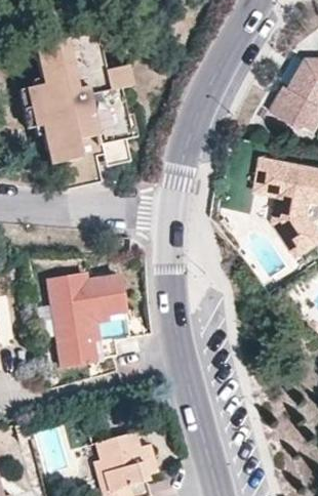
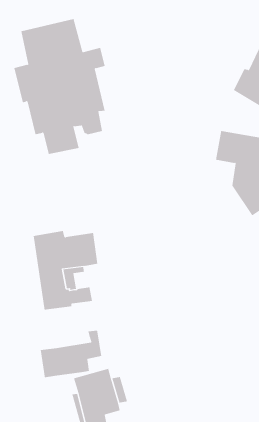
building: none -> [40,330,102,378]

